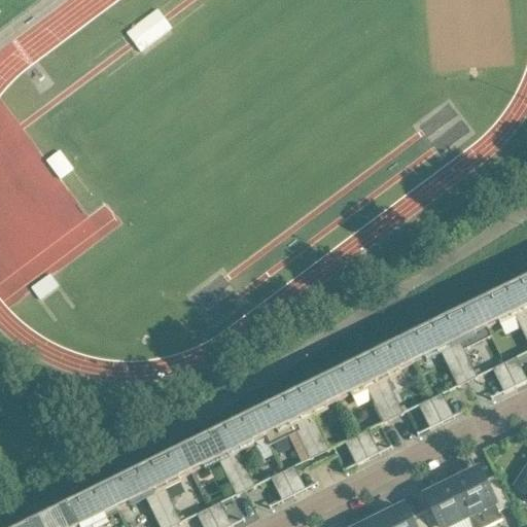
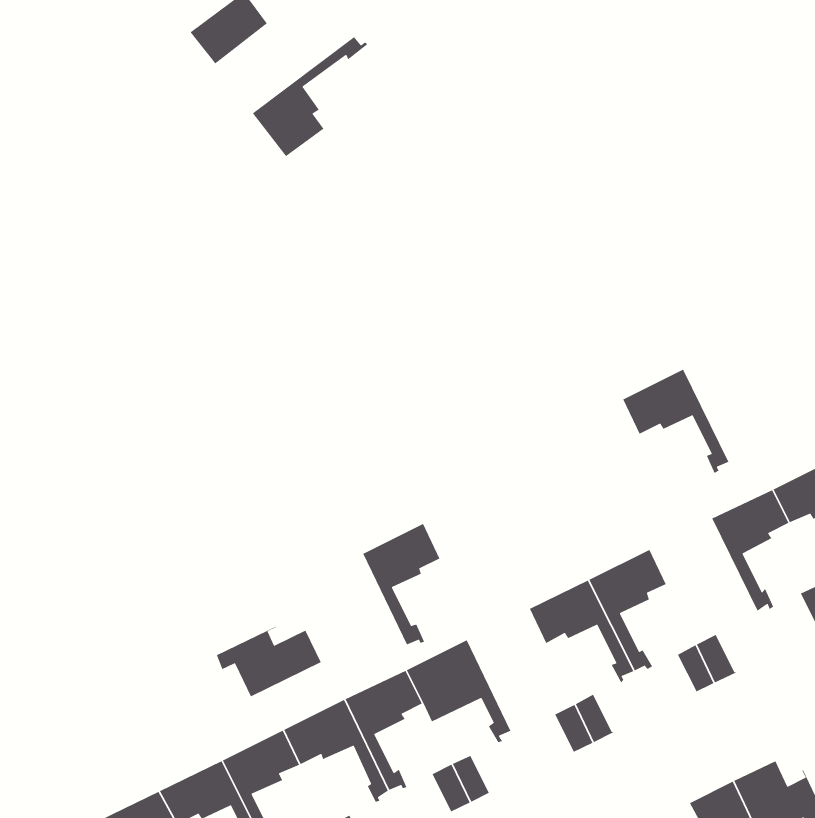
building: none -> [252,36,368,157]
building: [395,319,460,383] -> [622,368,730,474]
building: [285,374,332,448] -> [362,523,441,646]
building: none -> [216,625,322,697]

